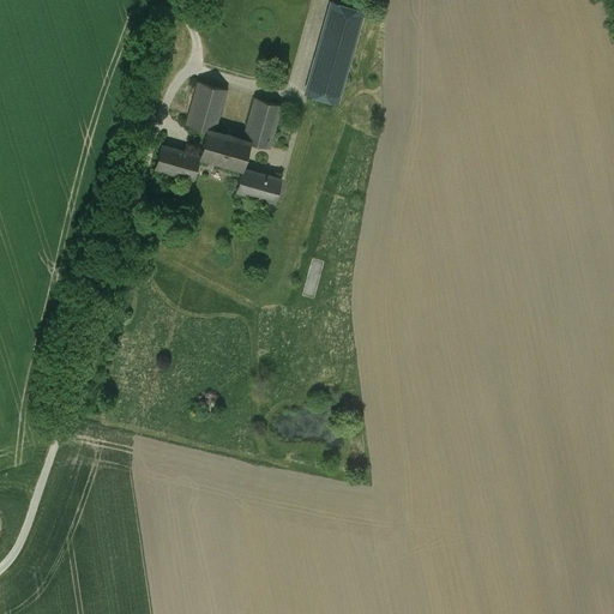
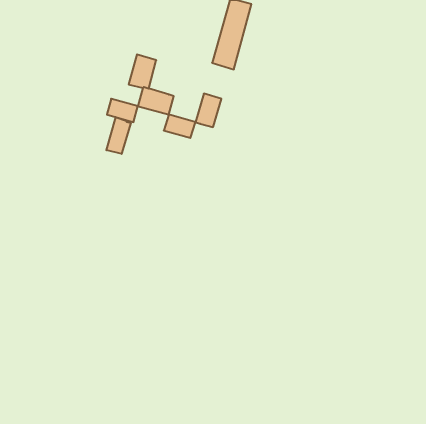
building: [243,100,281,148] -> [195,94,221,127]
building: none -> [106,117,131,154]

